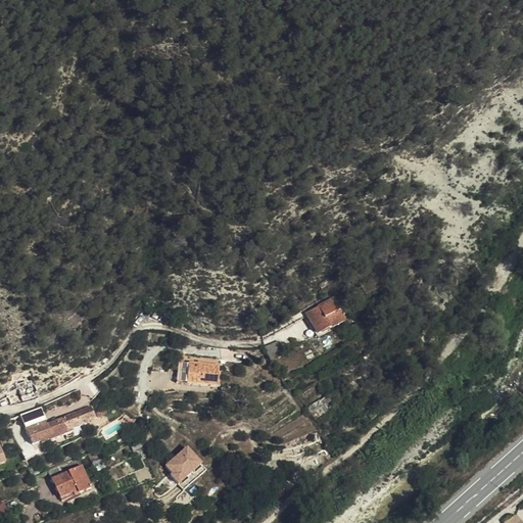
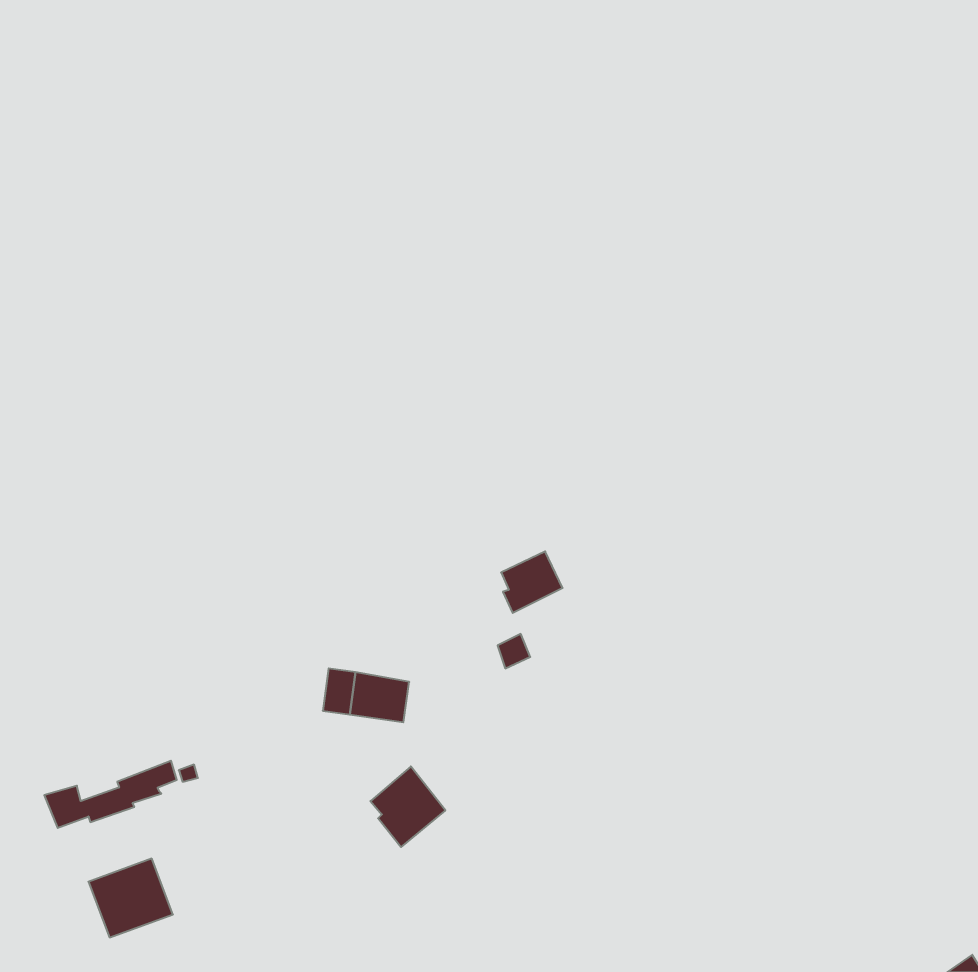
building: [308,302,341,335] -> [501,551,563,613]
building: [165,444,205,487] -> [370,766,445,847]

